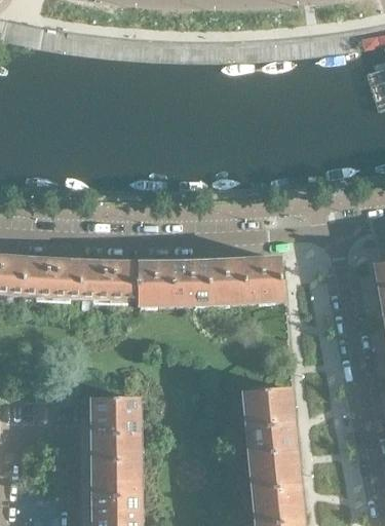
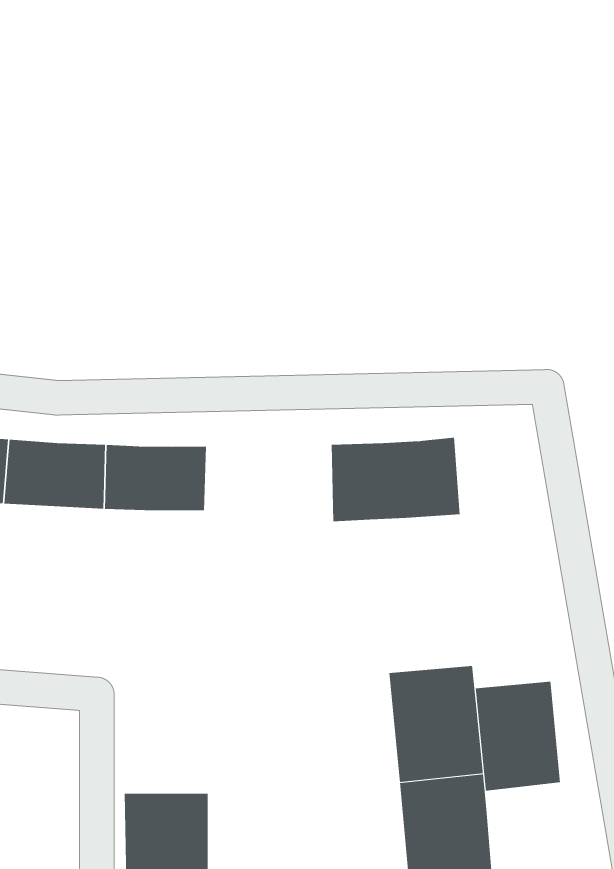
building: [139,260,211,305] -> none
building: none -> [475,681,561,791]
building: [92,397,141,459] -> none

